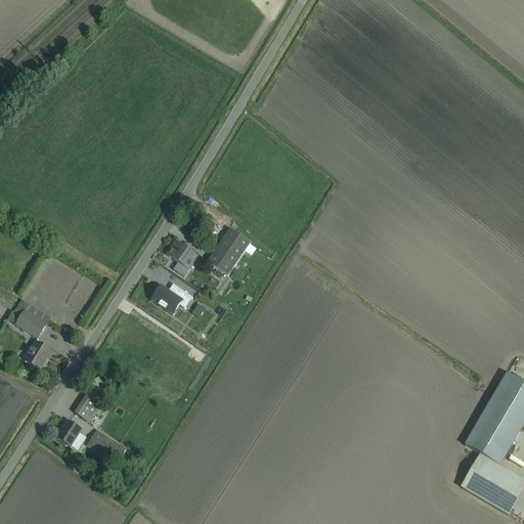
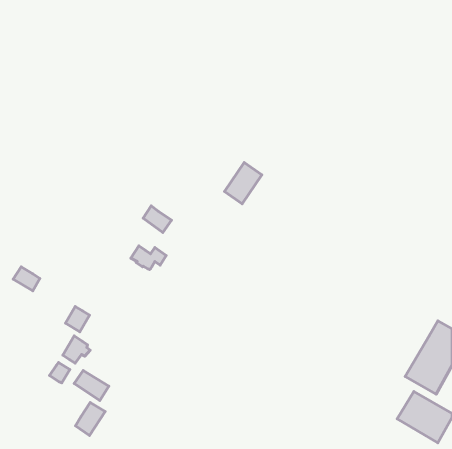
building: [207,227,250,275] -> [225,162,262,204]
building: [24,340,51,369] -> [66,306,89,332]
building: none -> [75,402,105,436]

